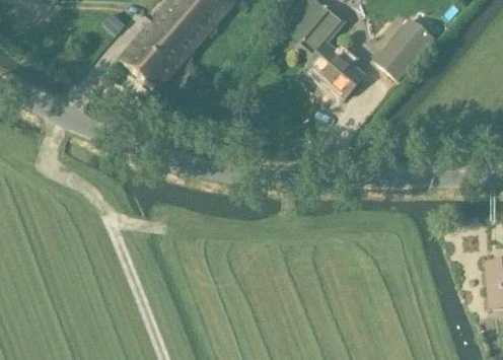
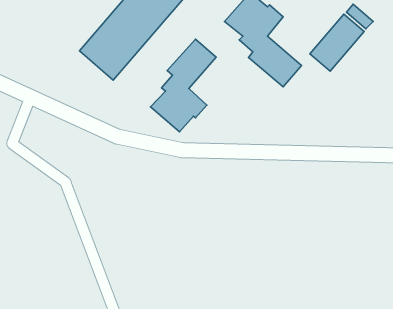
building: none -> [150,39,216,132]

